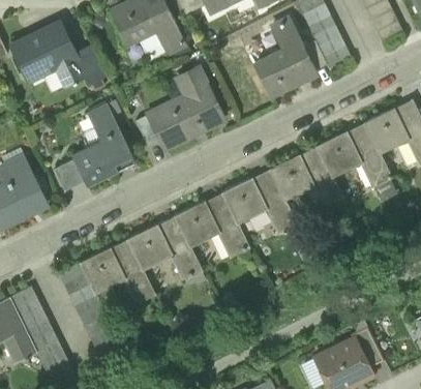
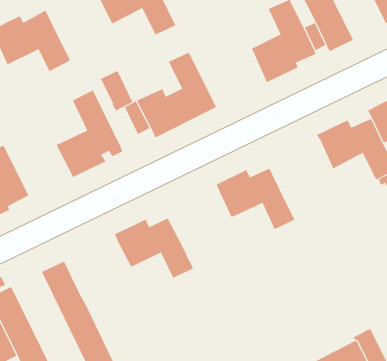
building: [74,44,106,83] -> [100,70,133,111]
building: [268,152,343,210] -> none
building: [53,158,85,190] -> none
building: [174,199,248,257] -> none
building: [79,245,153,308] -> none

